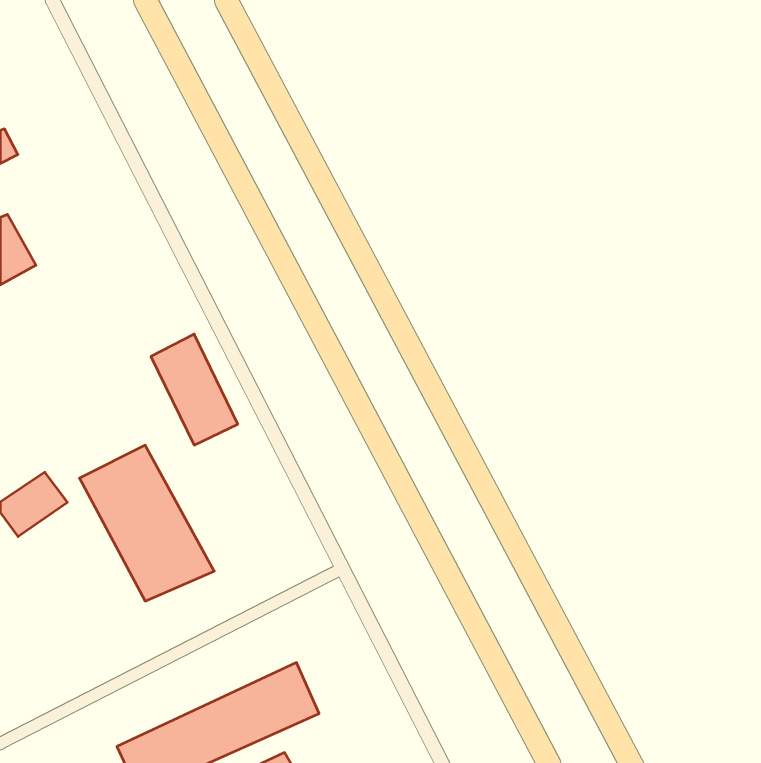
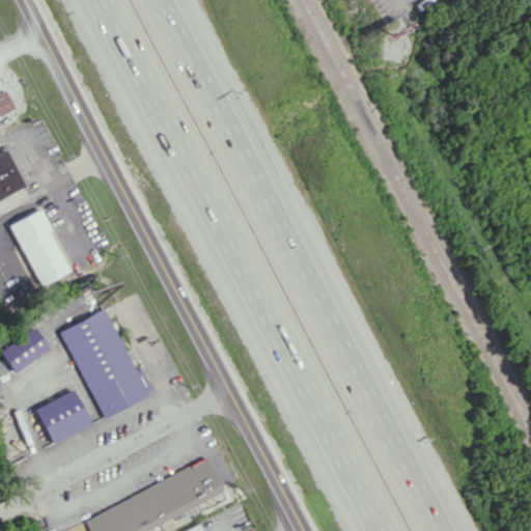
building: [151,334,238,445] -> [10,211,71,287]
building: none -> [35,390,90,444]

